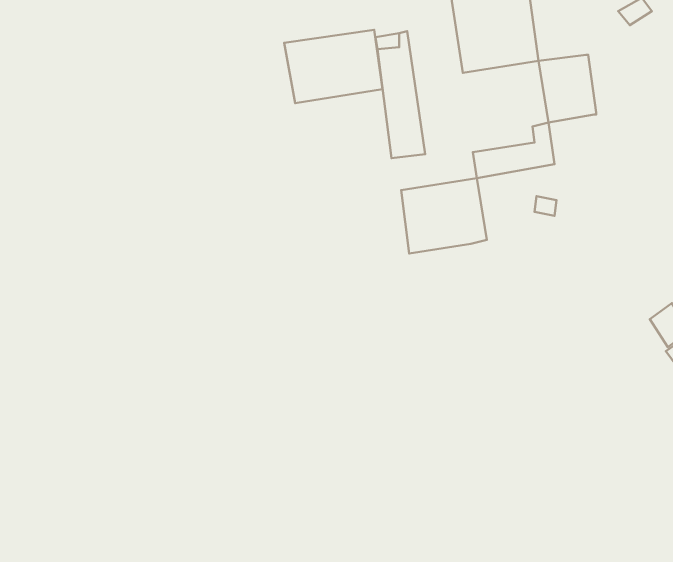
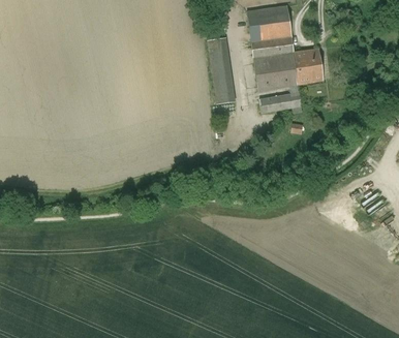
building: [284,30,383,103] -> none
building: [401,178,487,254] -> [254,52,299,91]

